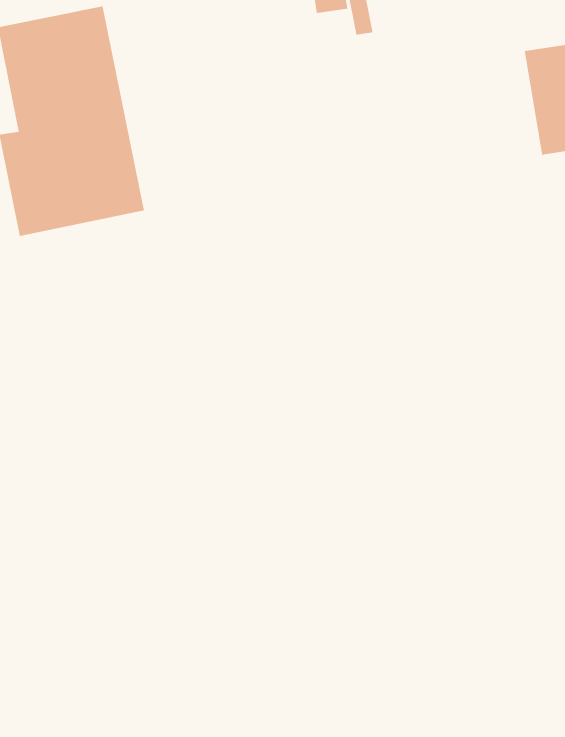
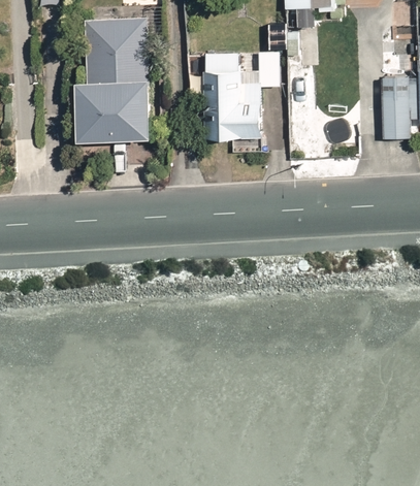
building: none -> [203,53,279,138]

